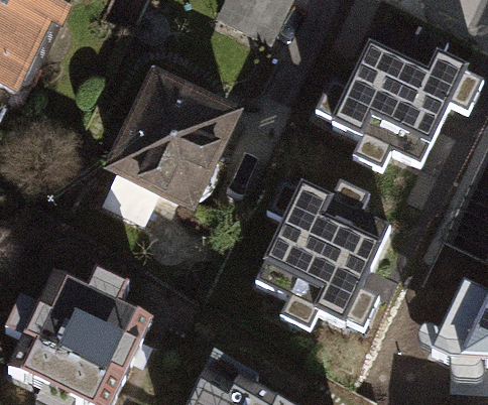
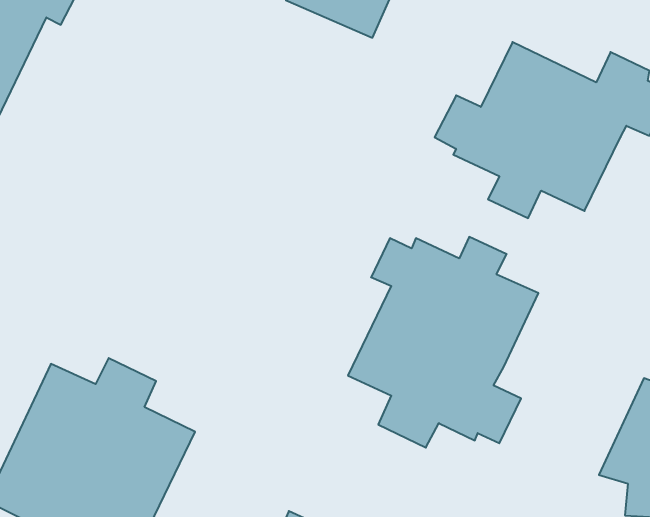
building: [100,59,241,206] -> none

